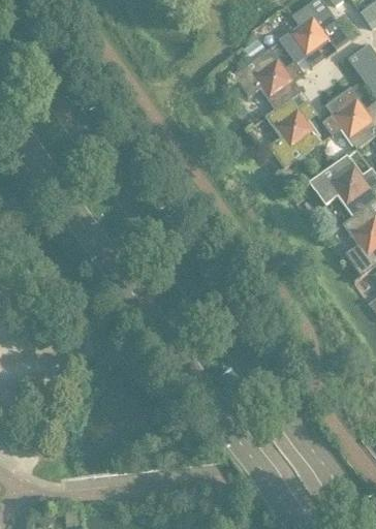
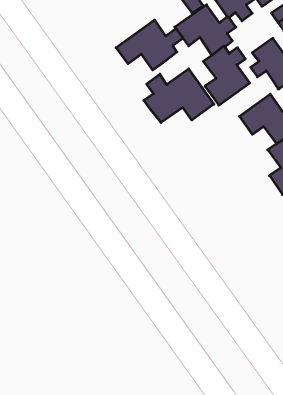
building: none -> [116,20,183,70]
building: none -> [144,69,214,123]

